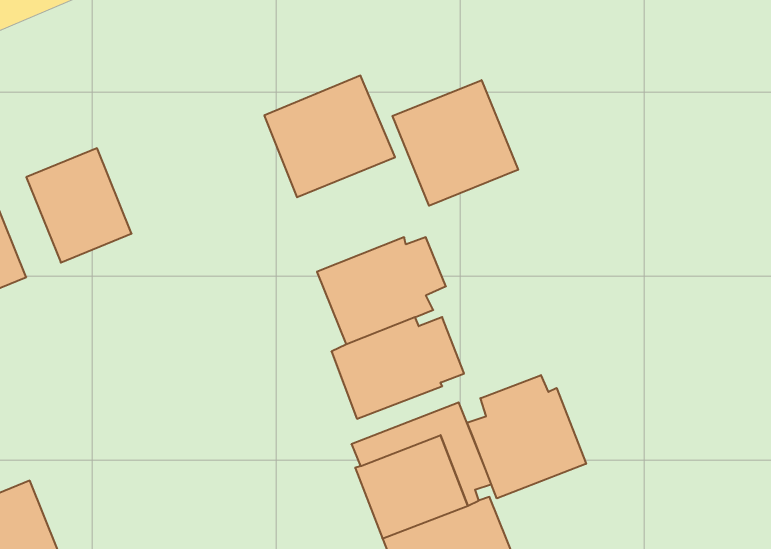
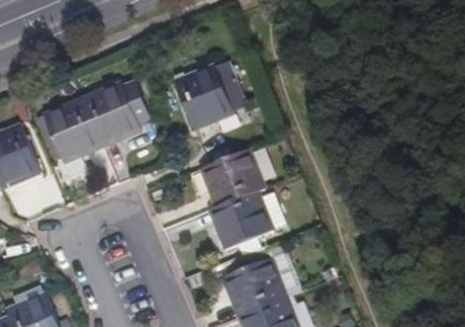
building: [392,80,518,206] -> none
building: none -> [80,83,149,147]
building: [467,375,586,498] -> none

